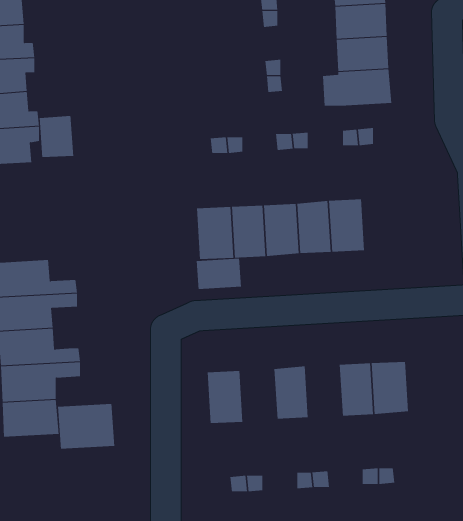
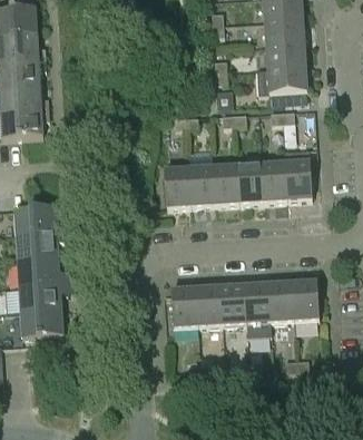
building: [39,115,74,158] -> none
building: none -> [283,149,311,199]
building: [196,258,241,290] -> none
building: none -> [243,283,269,335]
building: none -> [195,286,222,325]
building: [58,403,115,450] -> none

